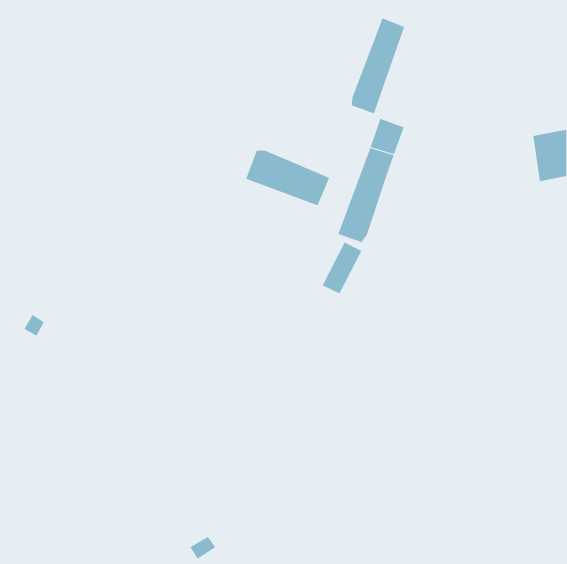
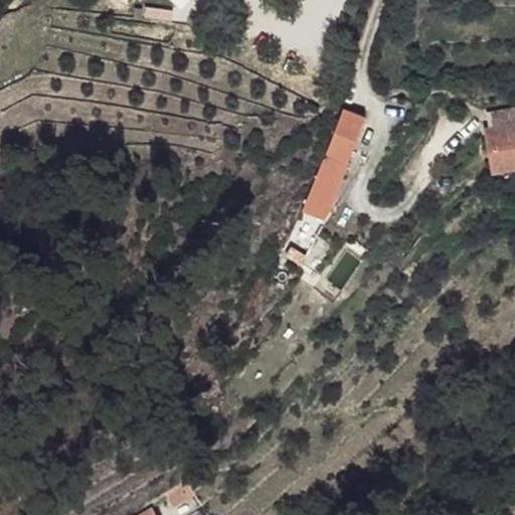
building: [351,17,405,114] -> none
building: [245,150,330,206] -> none

